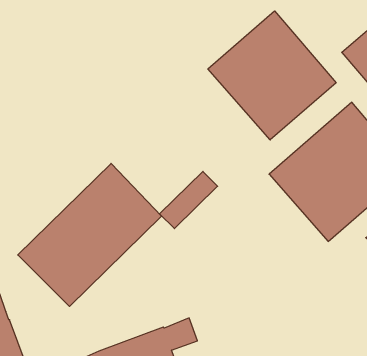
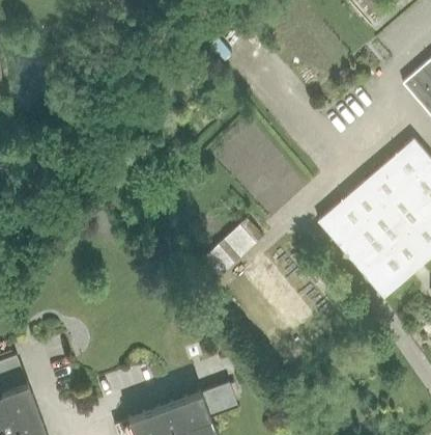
building: [208,11,336,140] -> none
building: [18,163,162,306] -> none

